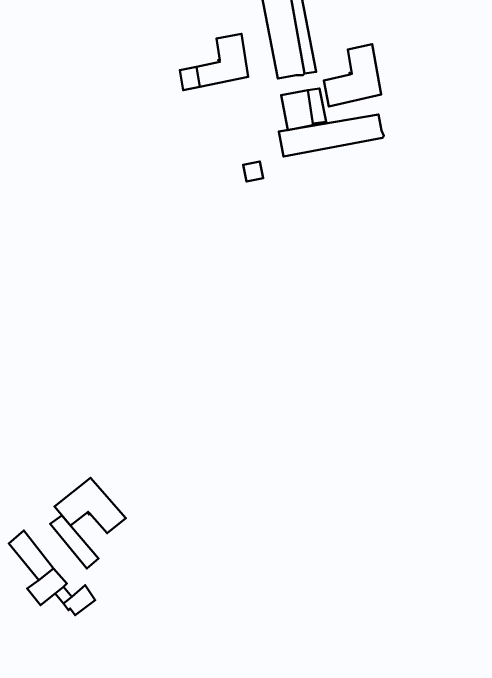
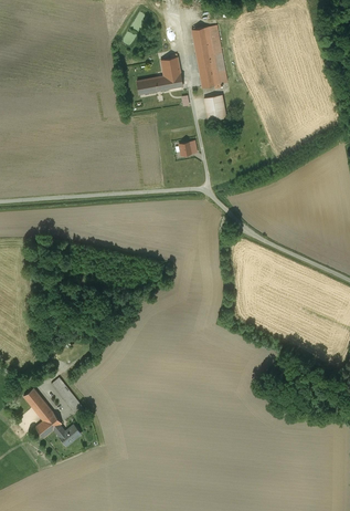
building: [324,44,381,106] -> none
building: [279,114,384,156] -> none
building: [54,478,126,533] -> none

